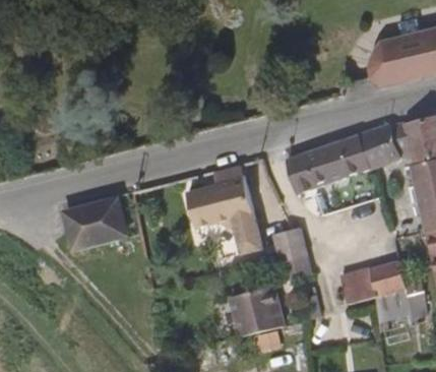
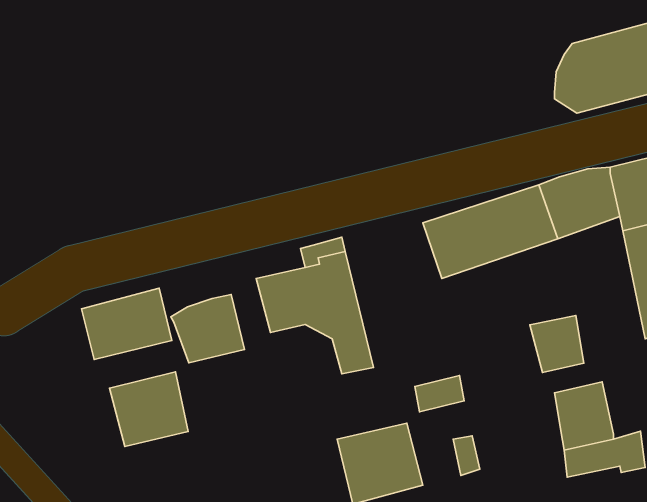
building: none -> [171,295,245,363]
building: [273,227,310,262] -> none
building: none -> [110,372,188,446]
building: [341,266,376,303] -> [530,315,584,373]

